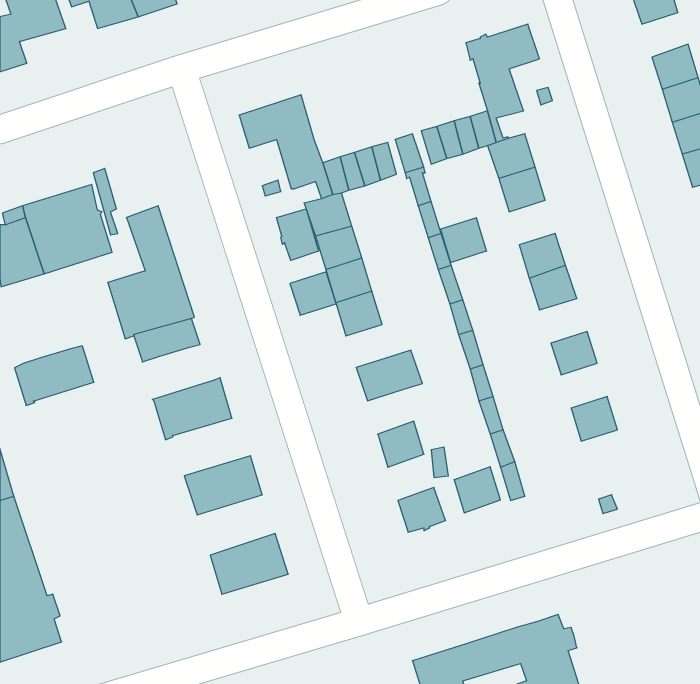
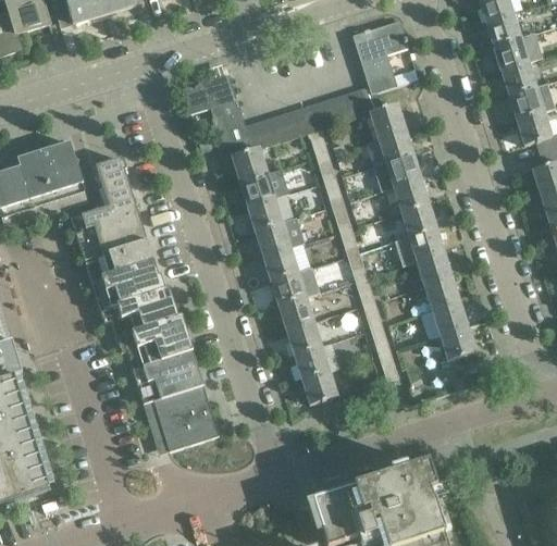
building: none -> [485,11,520,45]
building: [277,209,318,260] -> none
building: [440,218,487,263] -> [385,152,420,186]
building: [290,272,336,315] -> [262,246,297,278]
building: none -> [395,226,444,264]
building: [15,346,94,405] -> [102,261,162,306]
building: none -> [424,275,459,309]
building: none -> [278,295,313,328]
building: none -> [132,314,190,360]
building: none -> [440,325,474,359]
building: [454,467,500,513] -> [294,344,329,379]
building: none -> [150,374,209,420]

